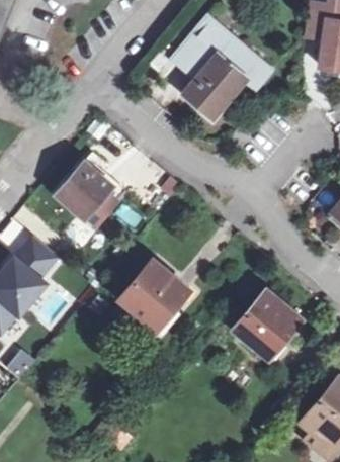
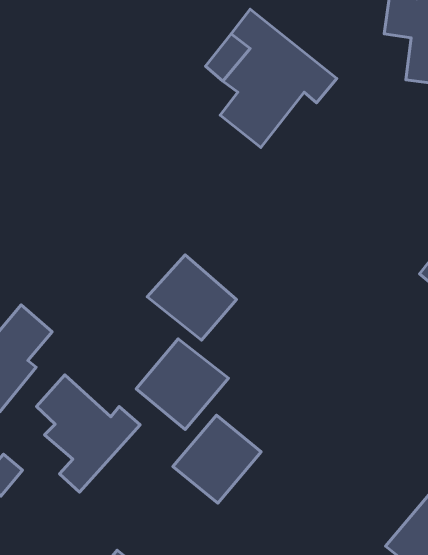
building: [57,164,123,227] -> [147,255,237,340]
building: none -> [36,375,140,492]
building: [235,293,301,359] -> [173,415,261,503]

